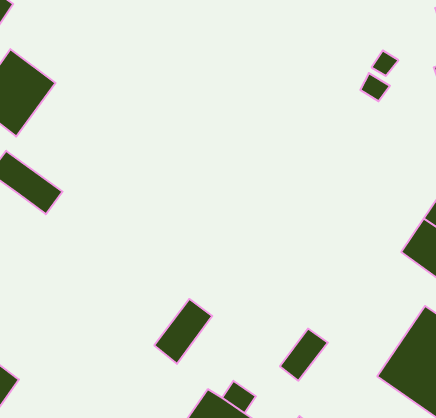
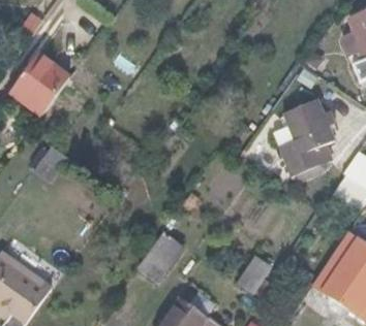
building: none -> [272,100,333,174]

